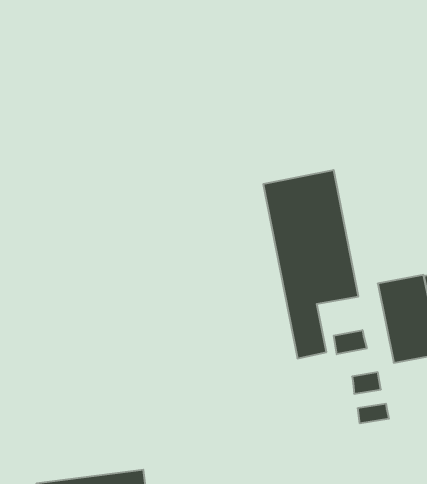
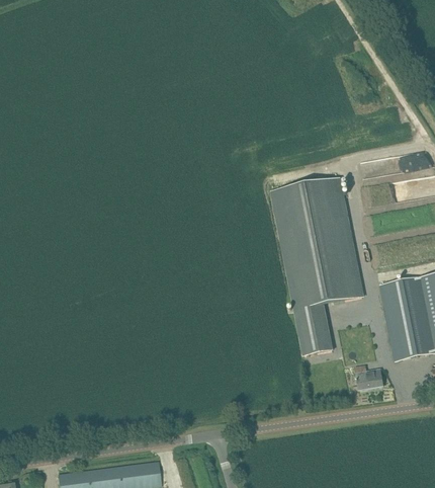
building: [334,330,367,354] -> none
building: [358,404,389,423] -> none

